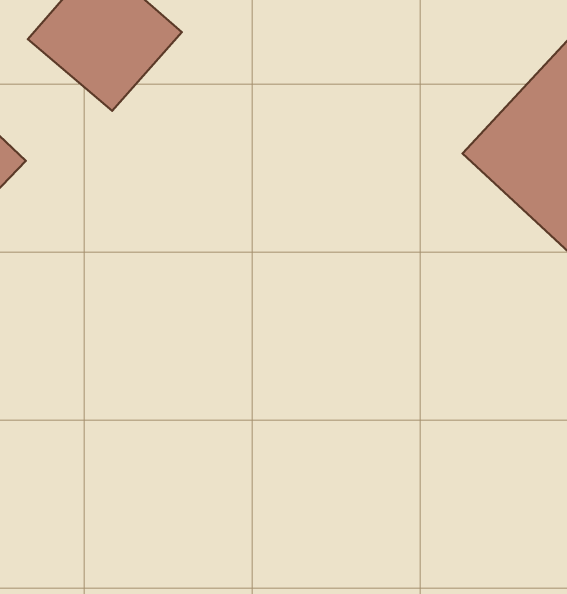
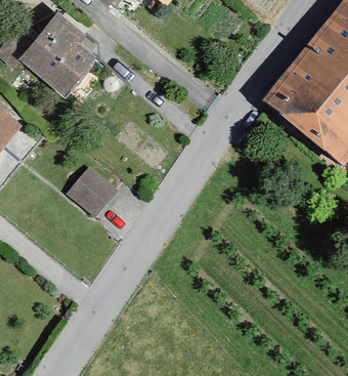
building: none -> [68,167,117,216]

